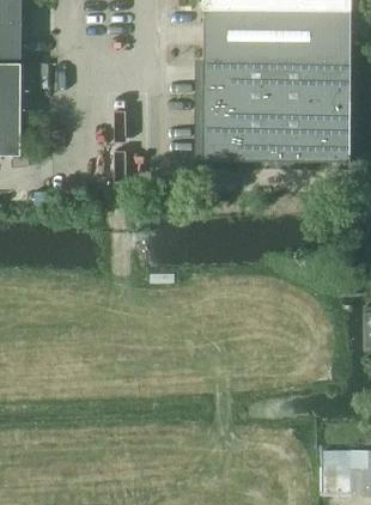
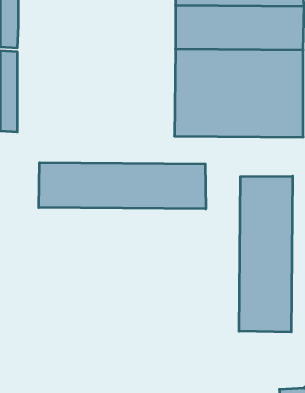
building: none -> [39,163,206,209]
building: none -> [239,176,293,332]

